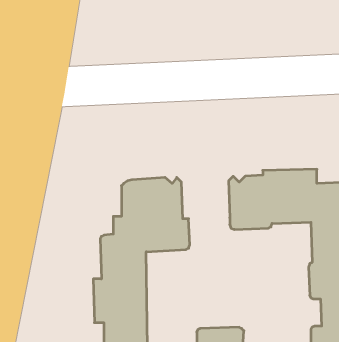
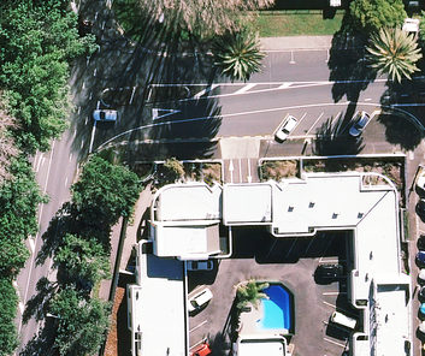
building: none -> [222,182,271,225]

